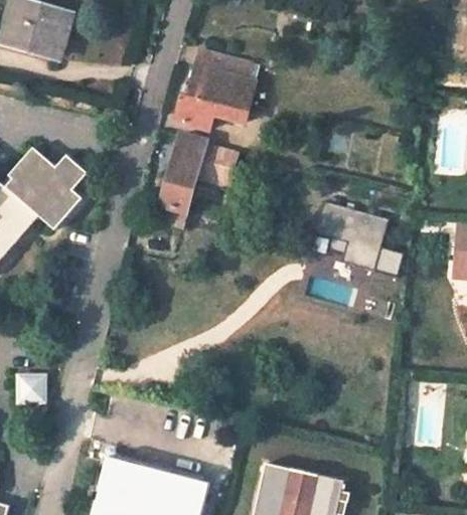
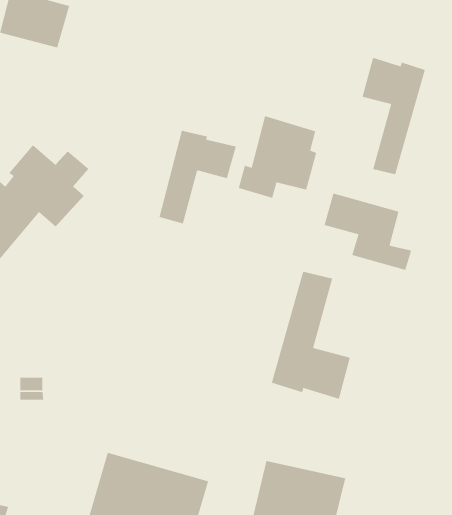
building: [173,50,251,132] -> [238,115,317,199]
building: none -> [362,57,426,175]
building: none -> [271,271,351,400]

